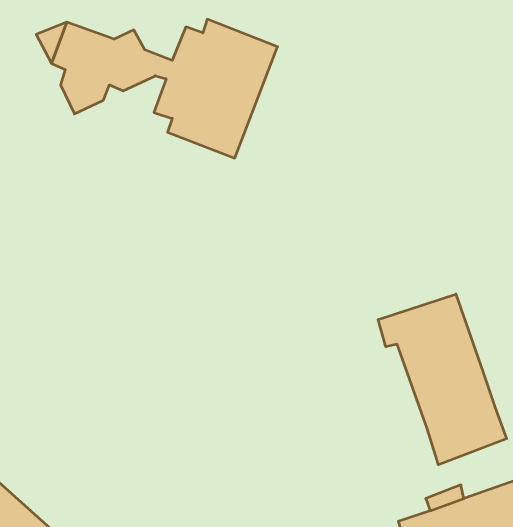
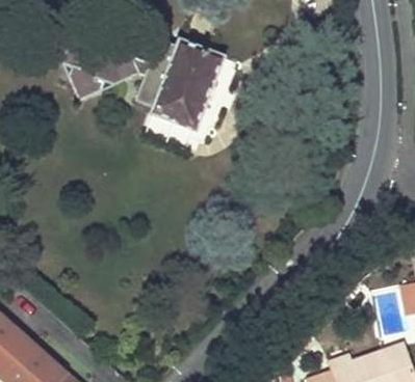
building: [378,294,507,465] -> none

